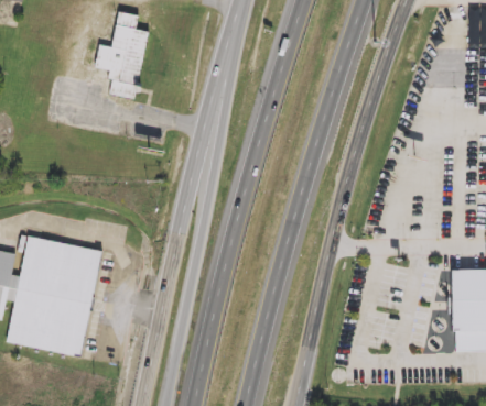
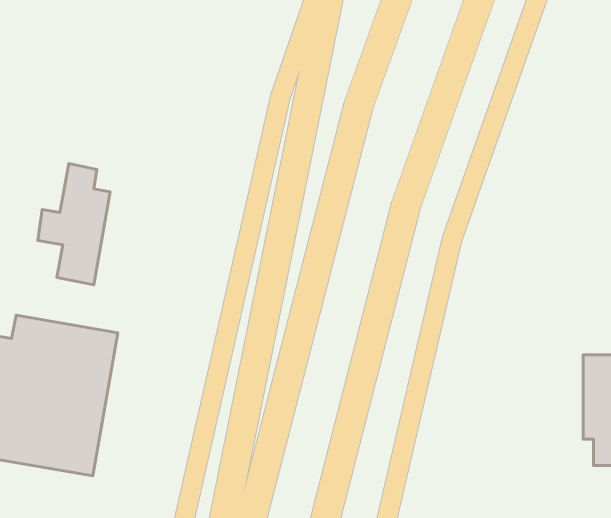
building: [95,11,149,101] -> [38,164,110,285]

